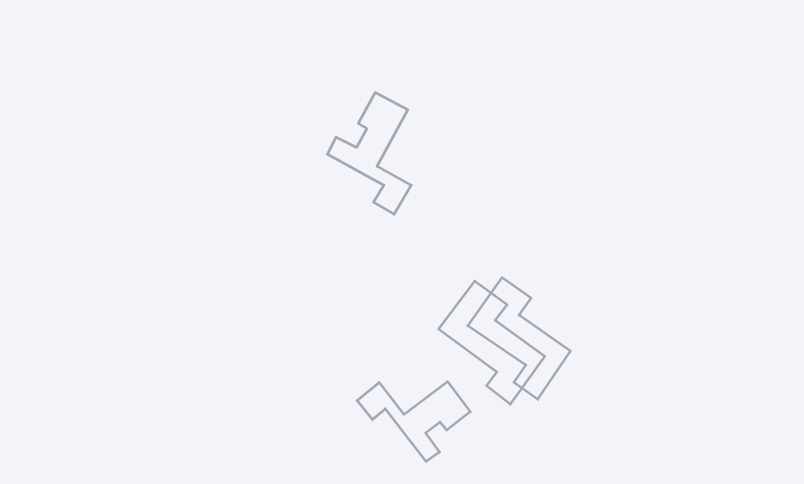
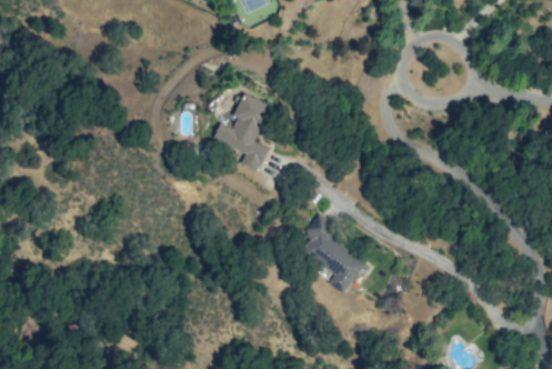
building: [357,382,470,461] -> none

